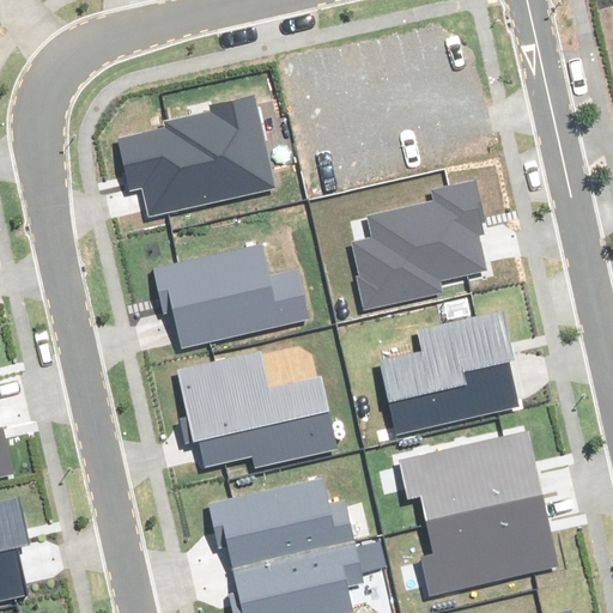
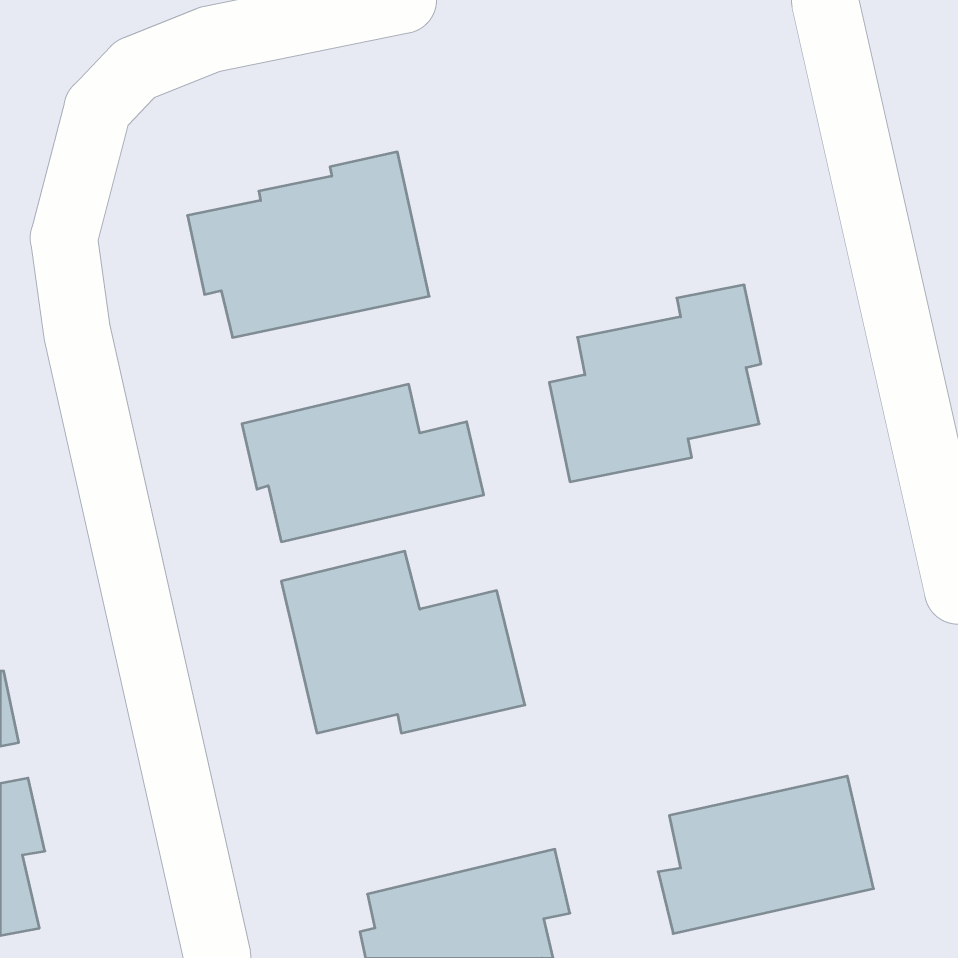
building: [383,315,517,433] -> none
building: [399,432,541,521] -> none
building: [211,479,354,571] -> none

